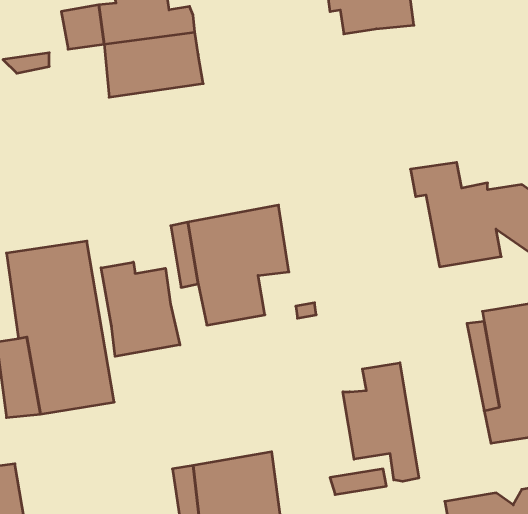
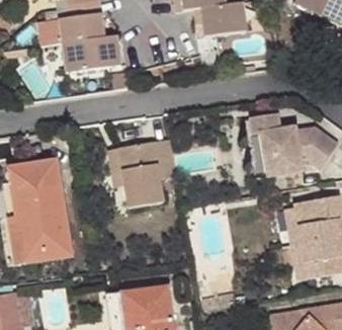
building: [101,262,180,356] -> none
building: [343,363,419,481] -> none

